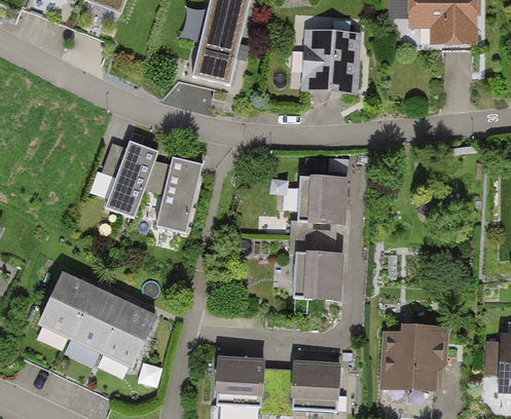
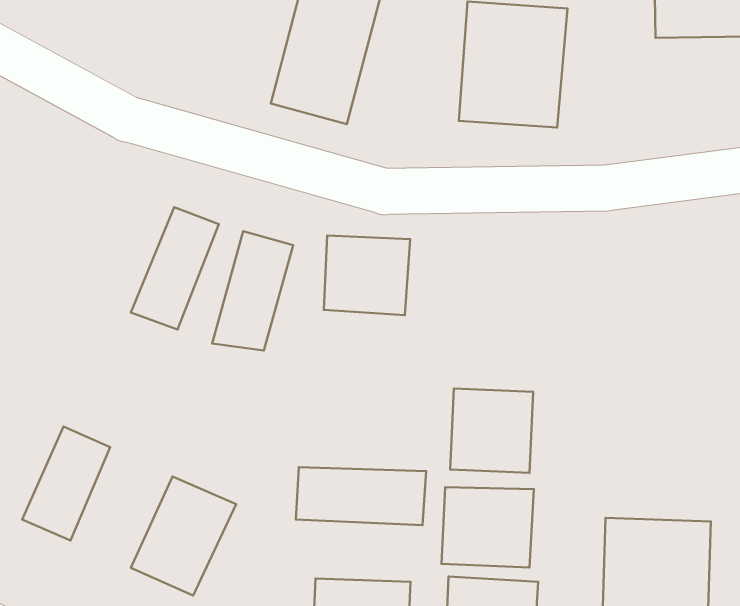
building: [294,174,345,221] -> [324,236,410,315]
building: [65,283,125,355] -> none
building: none -> [296,467,426,525]
building: none -> [441,487,534,568]

